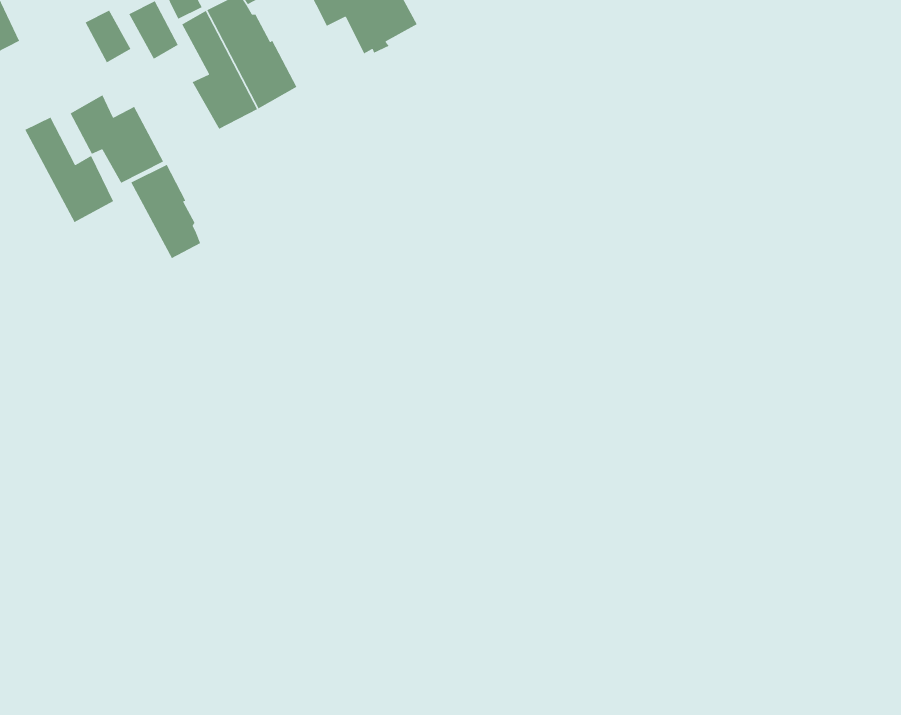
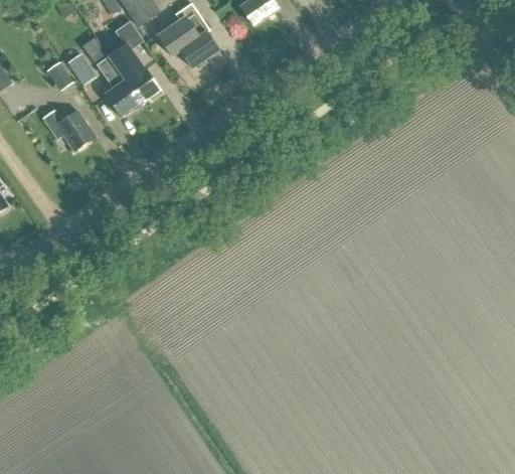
building: [24,117,114,223] -> none
building: [130,164,201,259] -> none

